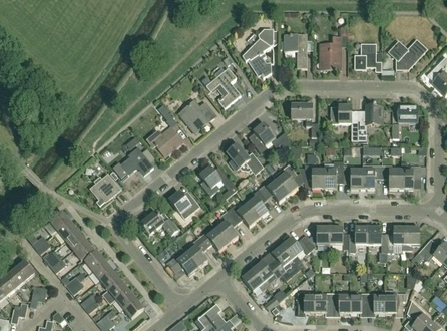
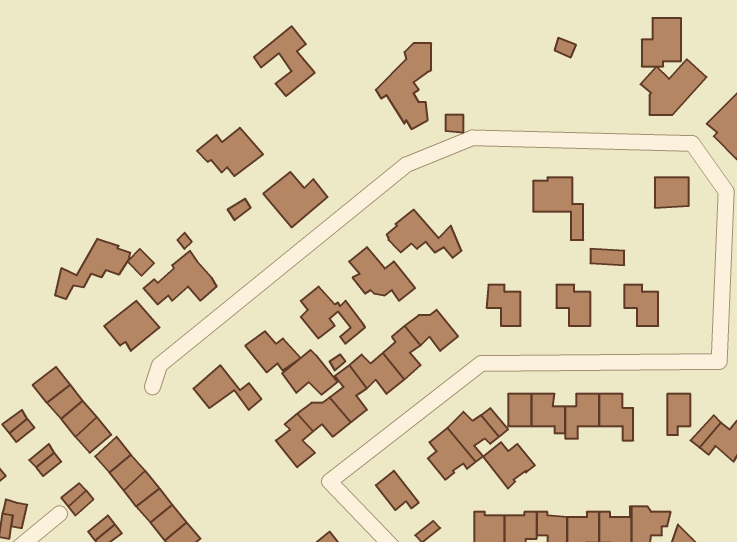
building: [284,34,307,69] -> none
building: [319,37,340,70] -> none
building: [354,43,376,70] -> [642,18,681,66]
building: [206,69,241,108] -> [254,26,315,96]
building: [292,105,318,137] -> none
building: [358,105,383,136] -> none
building: [146,127,183,154] -> [197,128,263,176]
building: none -> [55,239,130,299]
building: [323,161,343,189] -> none
building: [273,164,297,195] -> none
building: [362,165,381,189] -> none
building: [400,167,420,189] -> none
building: [386,227,405,253] -> none
building: [166,250,197,275] -> [282,350,337,395]
building: [252,262,281,288] -> [483,442,535,489]

